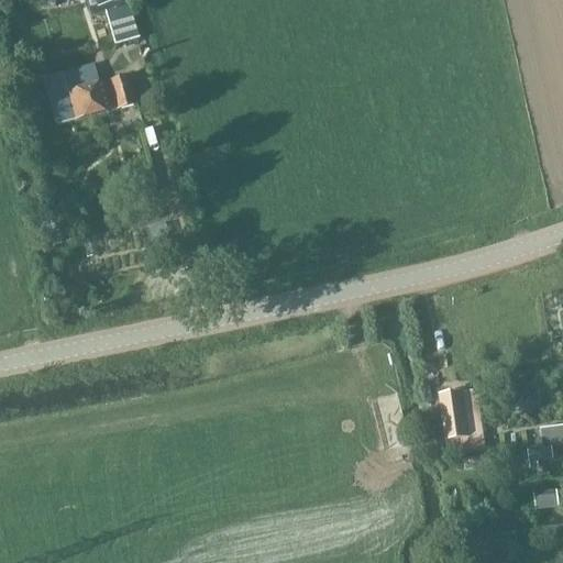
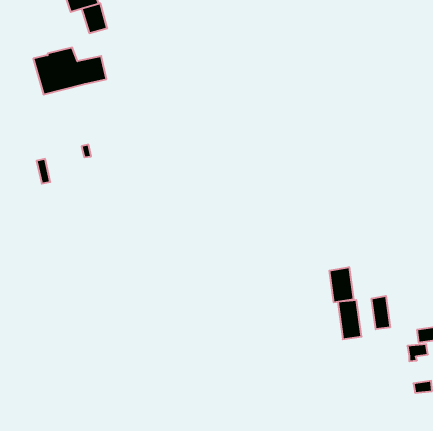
building: none -> [329,267,354,302]
building: none -> [372,296,390,329]

